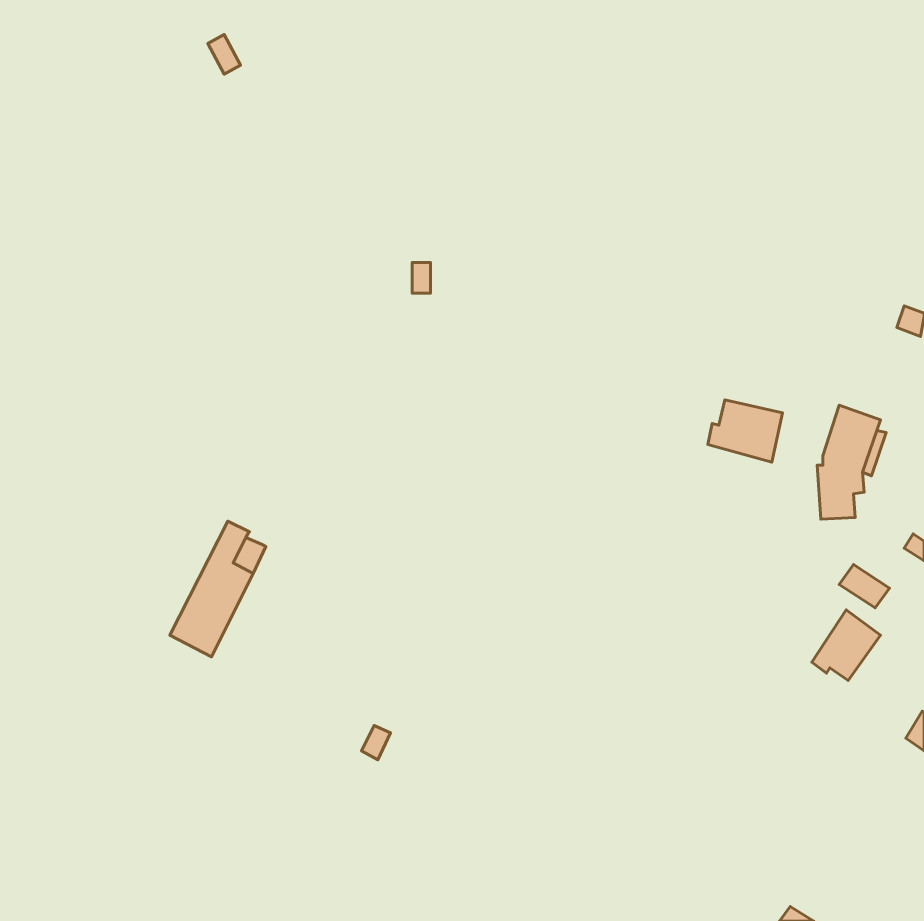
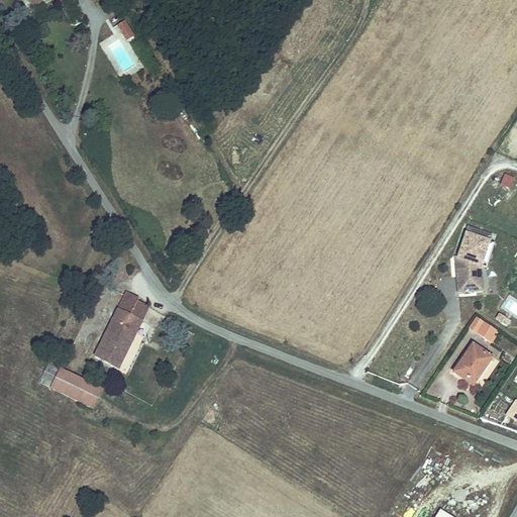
building: [708,400,783,462] -> none
building: none -> [50,368,102,407]

